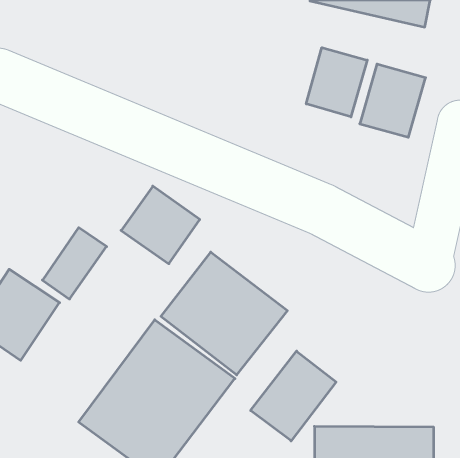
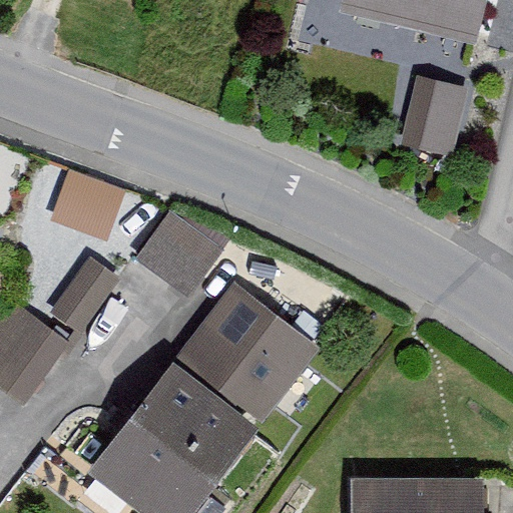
building: [306,48,367,117] -> none
building: none -> [53,168,130,240]
building: [251,351,336,441] -> none

